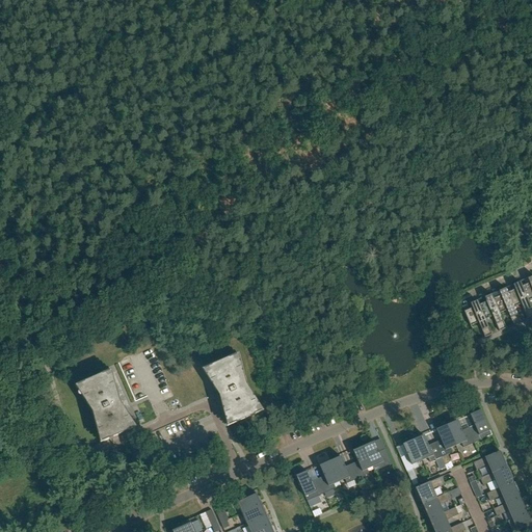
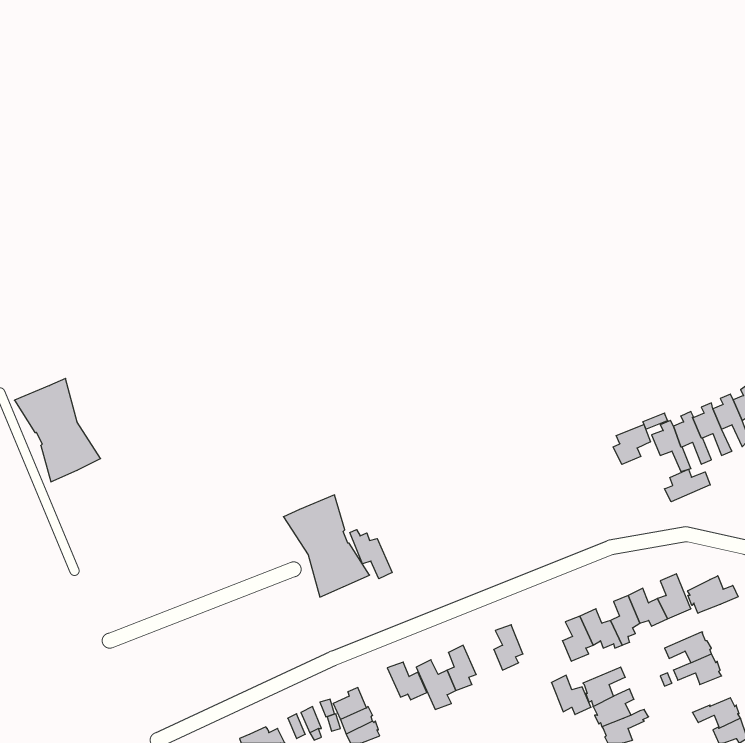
building: none -> [613,424,650,464]
building: none -> [664,469,710,502]
building: [76,368,137,442] -> [14,378,101,482]
building: none -> [350,530,392,579]
building: none -> [688,576,738,613]
building: [365,440,393,468] -> [551,675,591,715]
building: [330,455,358,482] -> [387,662,427,700]
building: [487,481,521,503] -> none

